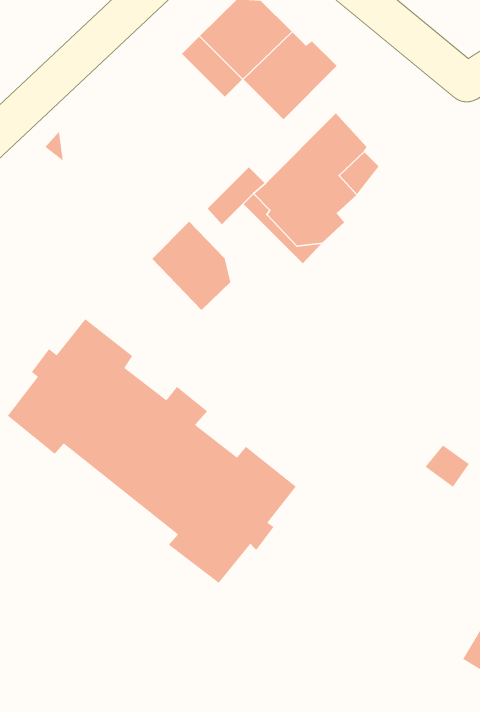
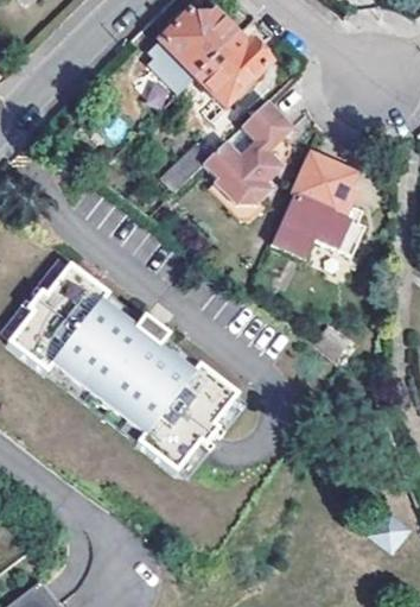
building: none -> [268,151,359,265]
building: [151,221,231,311] -> none

